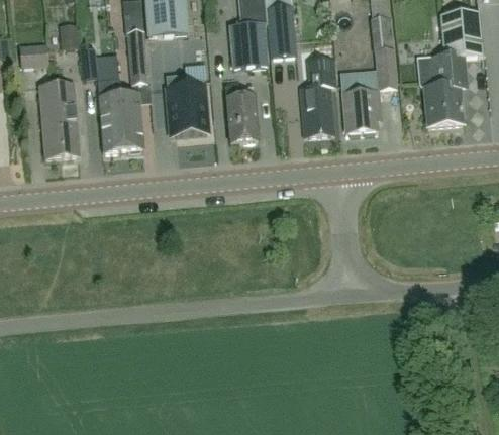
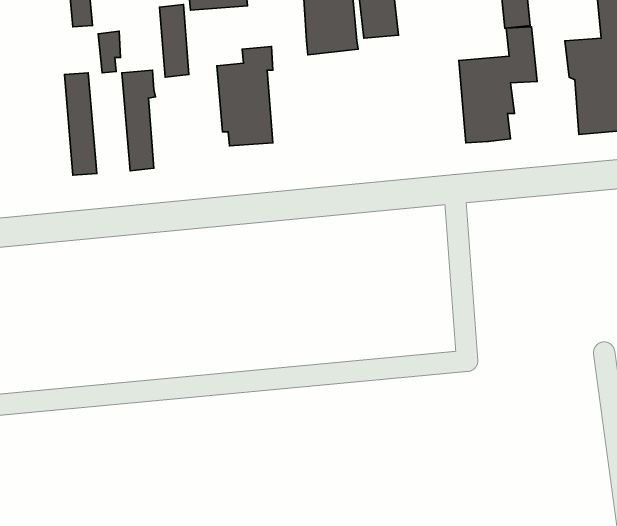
building: [19,41,48,66] -> none
building: [301,57,337,134] -> none
building: [39,82,63,156] -> none
building: [226,83,259,140] -> none
building: [117,92,144,149] -> none

